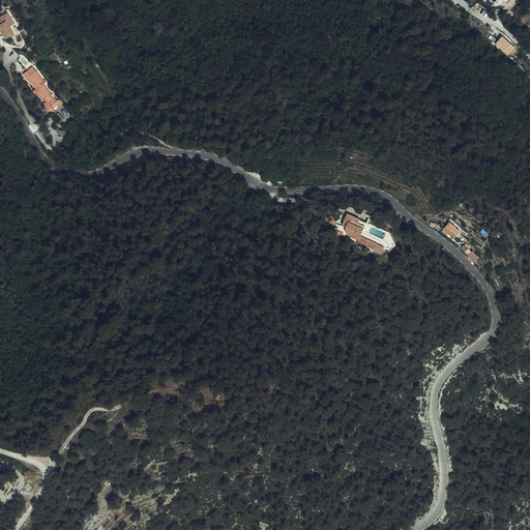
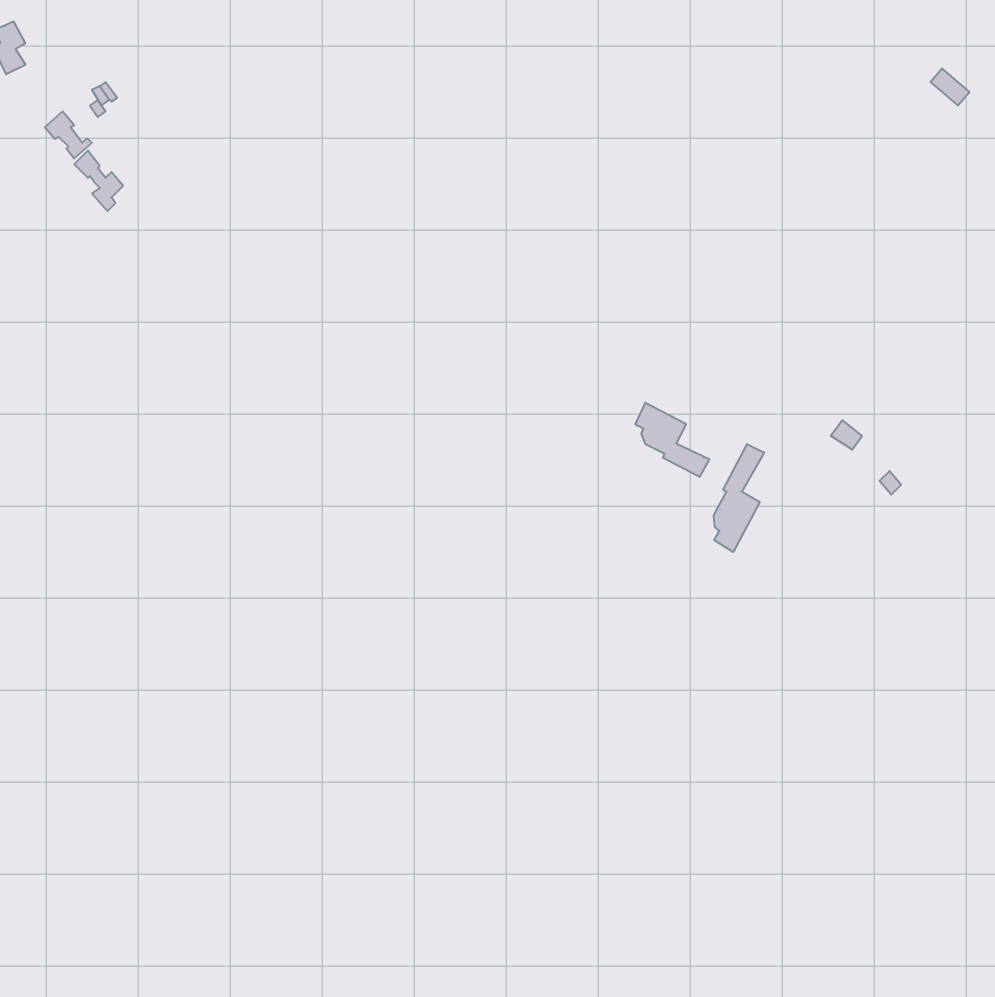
building: none -> [714,444,764,552]

